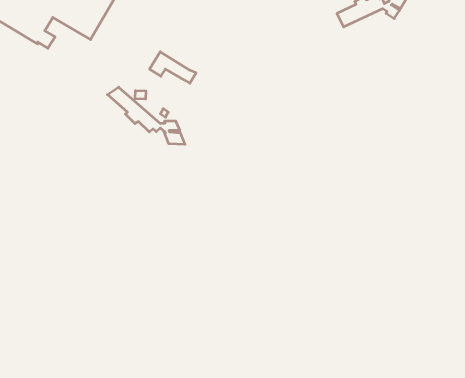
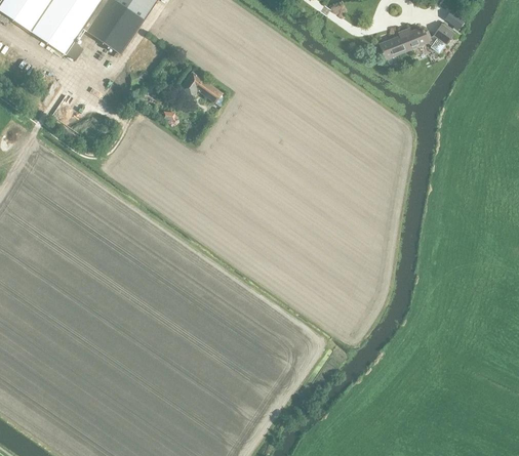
building: [107,87,185,144] -> none

